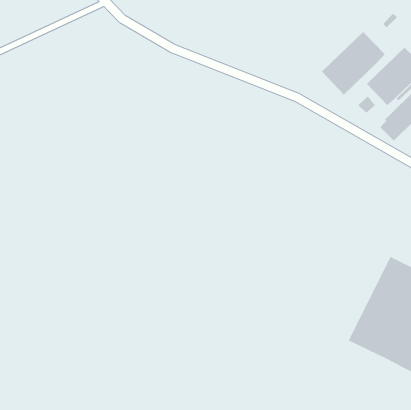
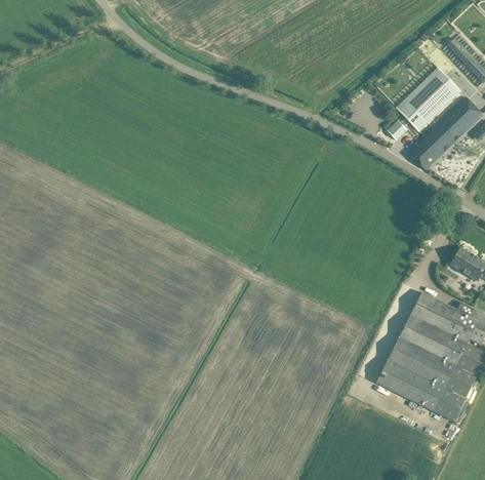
building: [321,31,386,96] -> none

